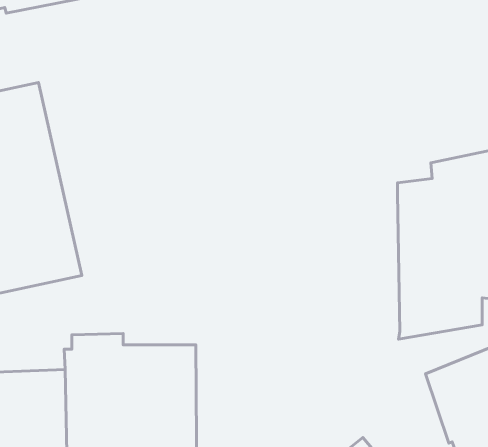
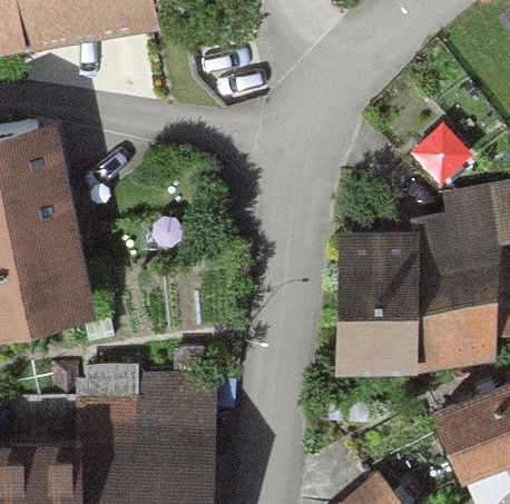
building: none -> [336,230,415,369]

